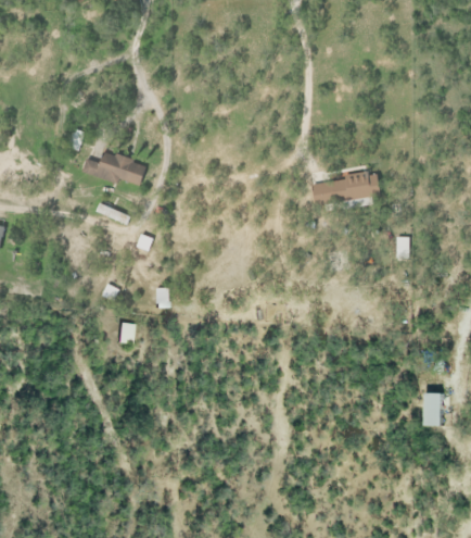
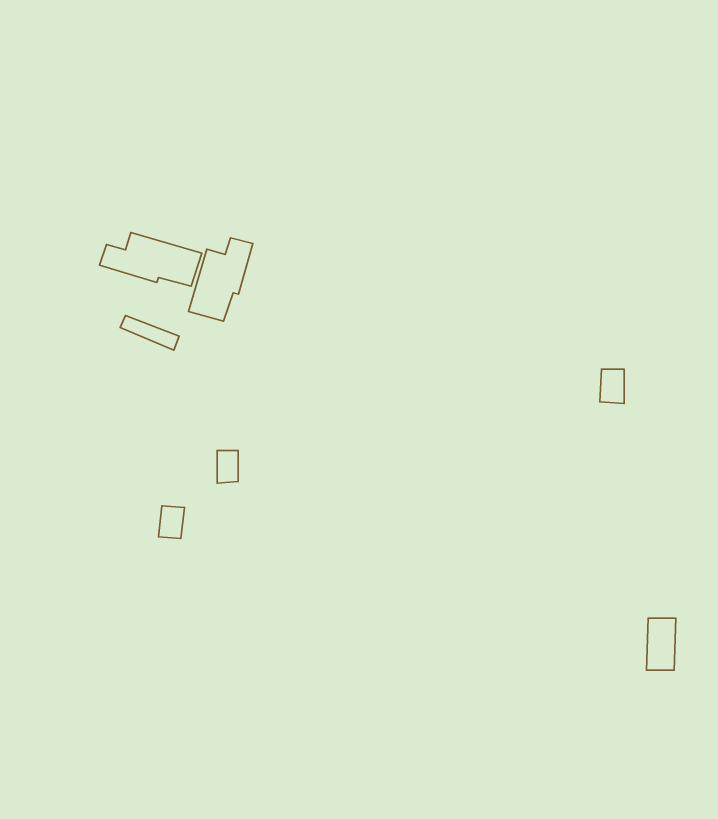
building: none -> [188,238,253,321]
building: [311,172,380,205] -> none

